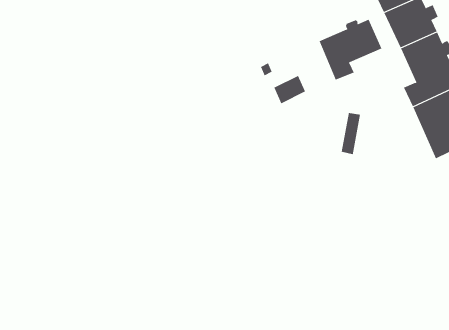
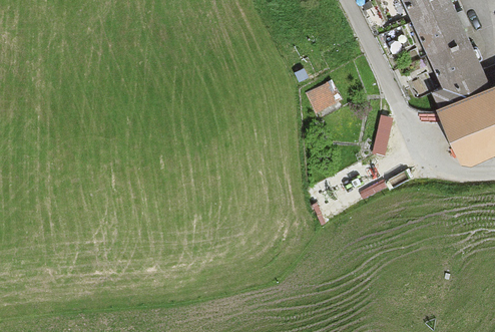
building: [319,19,382,81] -> none

